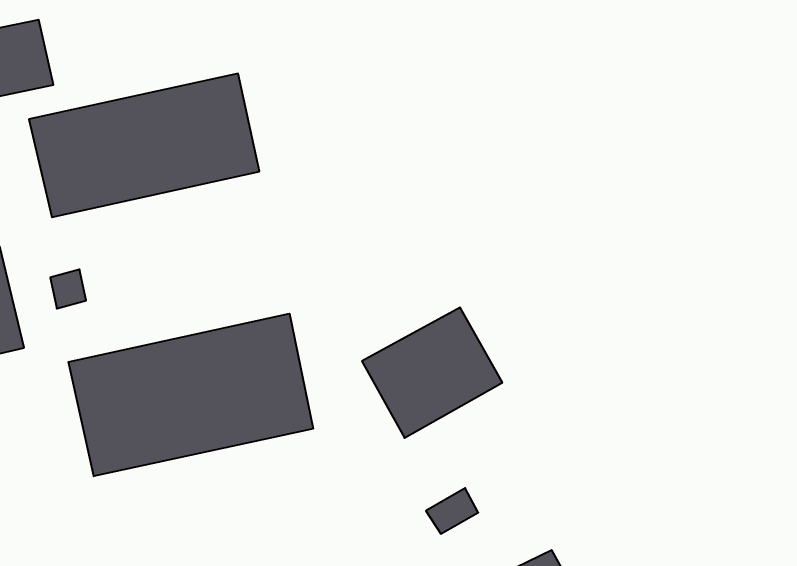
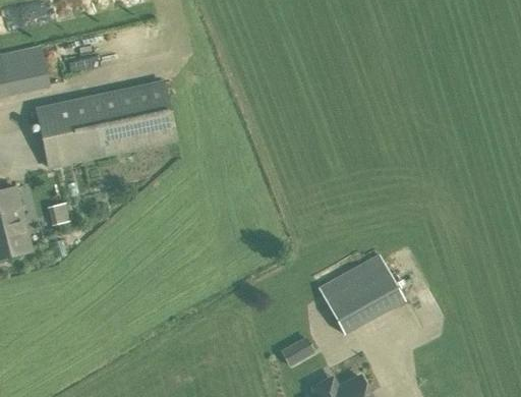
building: [362,307,502,438] -> [317,253,405,335]
building: [68,314,313,476] -> none

